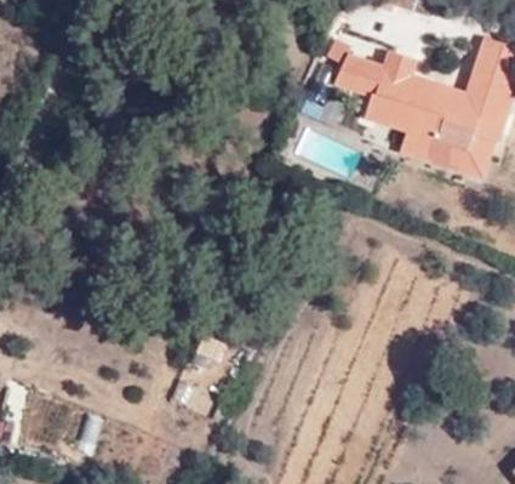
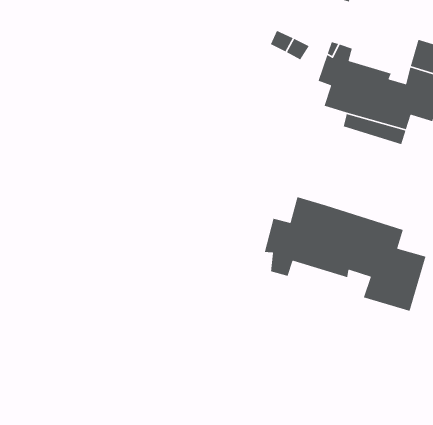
building: none -> [264,196,427,312]

